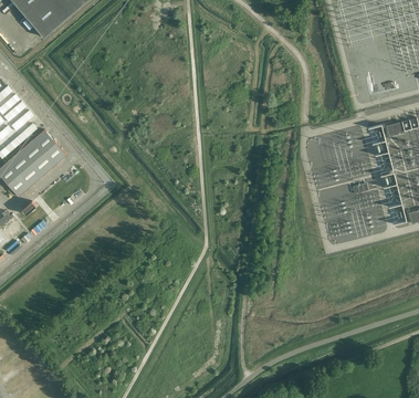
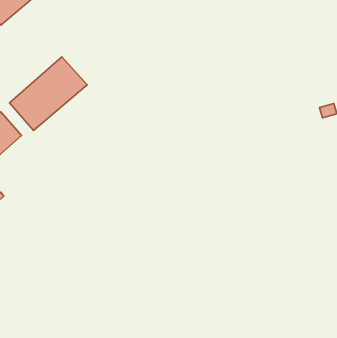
building: none -> [9,57,87,131]

